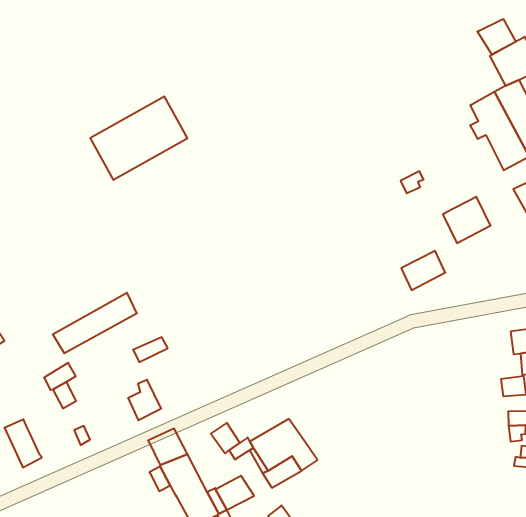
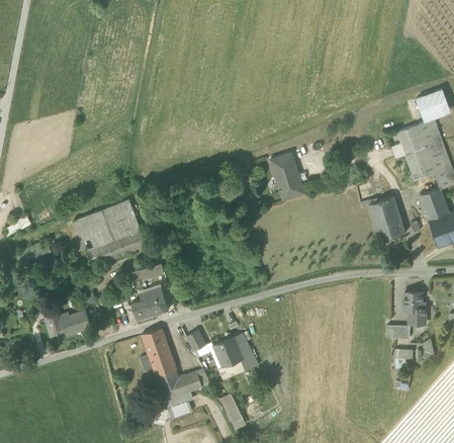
building: [477,19,516,54] -> none
building: [90,96,187,180] -> [73,198,141,252]
building: none -> [270,152,304,198]
building: [401,251,445,290] -> [375,216,405,242]
building: none -> [147,287,169,314]
building: none -> [60,311,90,335]

